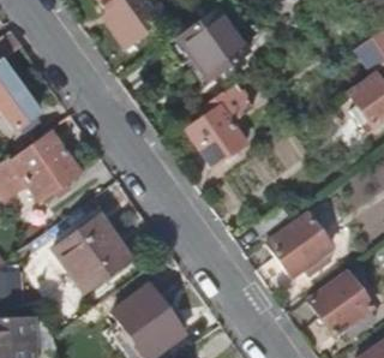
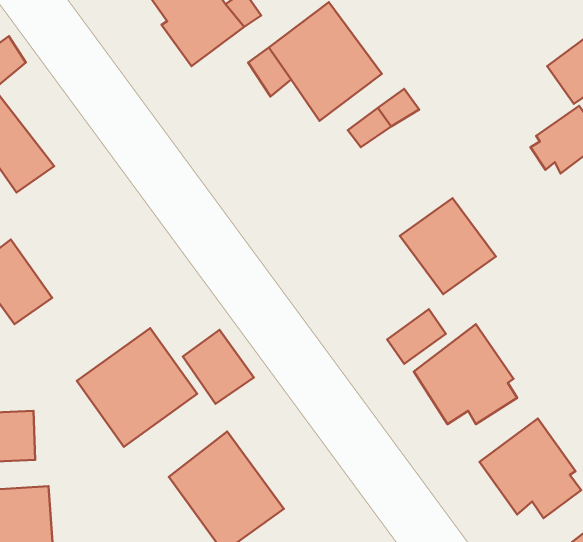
building: [182,101,244,162] -> [400,198,496,294]
building: [12,129,78,196] -> none
building: none -> [183,330,254,404]

